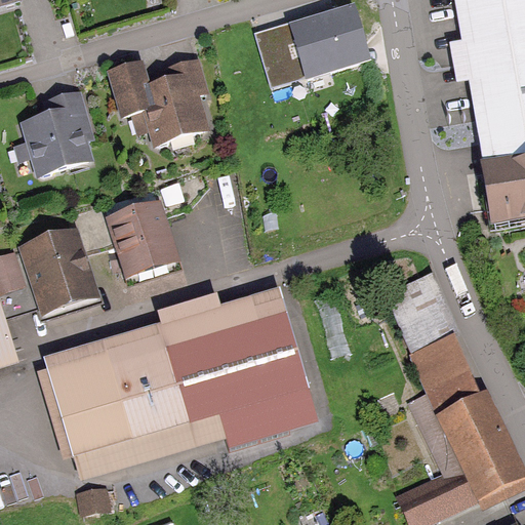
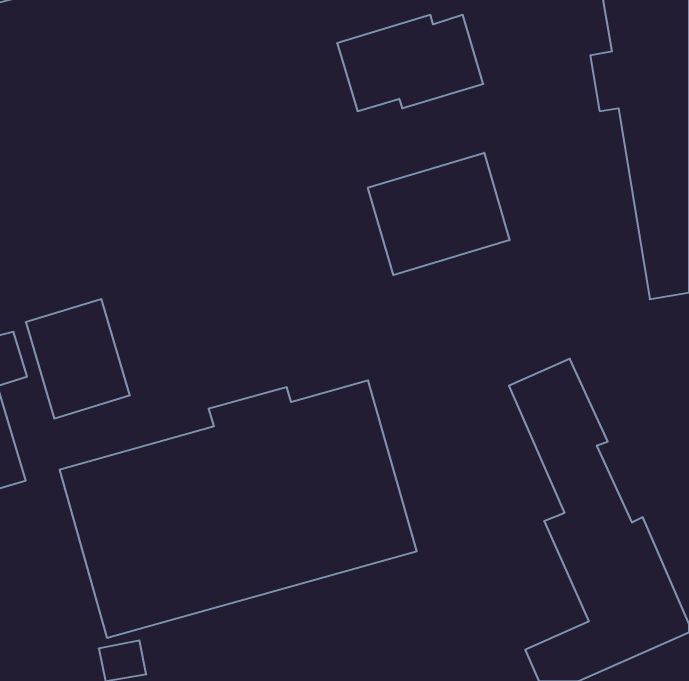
building: [110,57,208,144] -> none
building: [11,89,94,175] -> none
building: none -> [368,153,510,275]
building: [108,200,178,278] -> none

